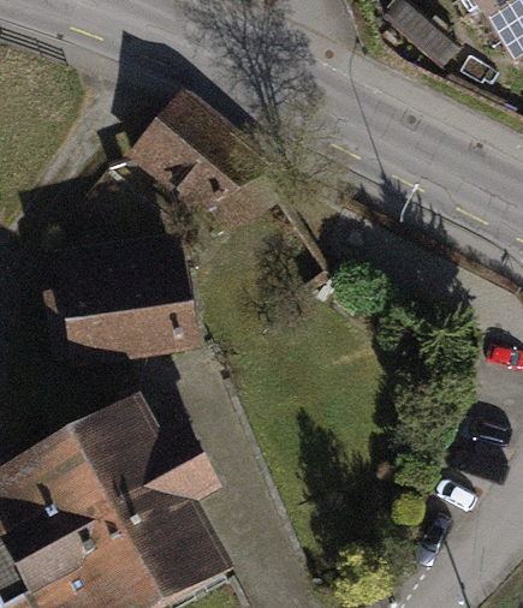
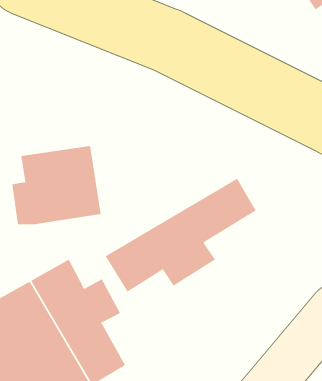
building: [136,101,268,210] -> none
building: none -> [105,178,256,293]

